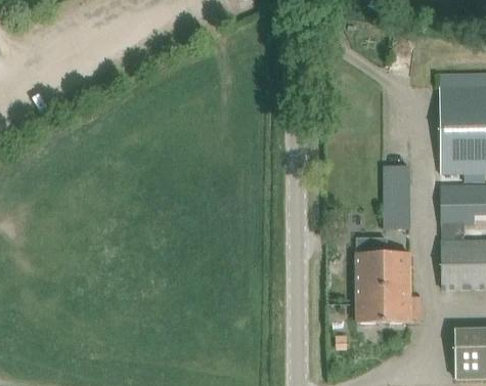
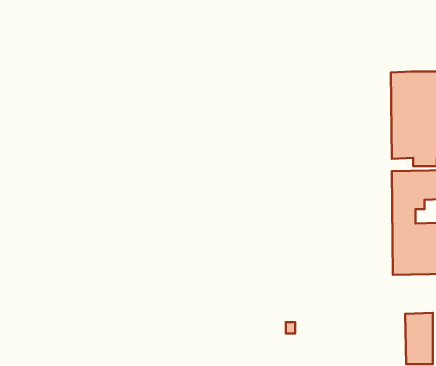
building: [384,165,409,226] -> none
building: [356,252,410,323] -> none

